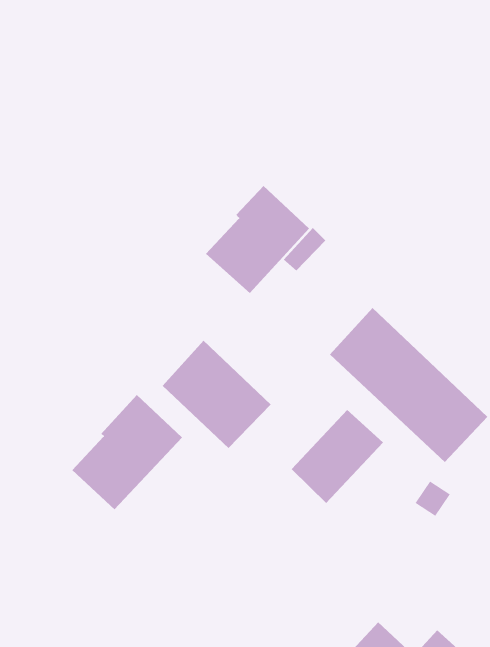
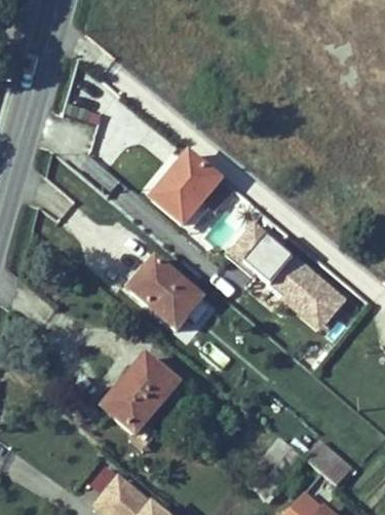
building: [72,394,183,510] -> [106,355,178,432]
building: [291,409,384,504] -> none

